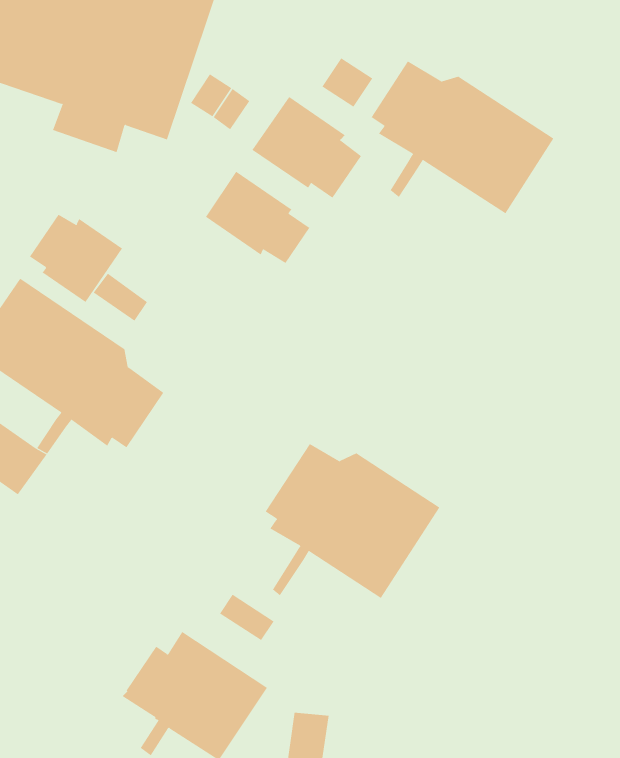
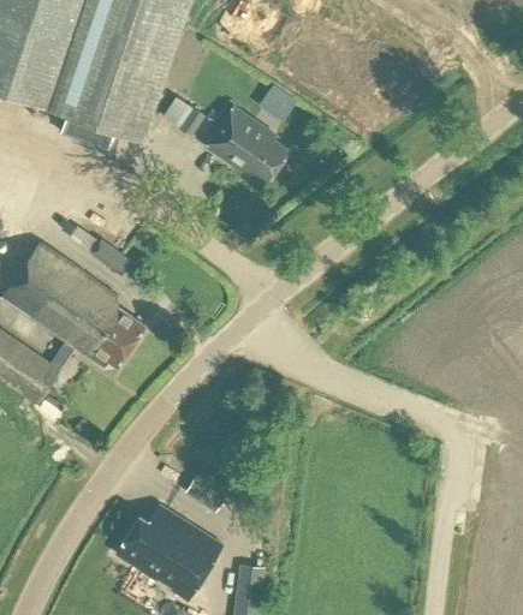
building: [371,60,554,214] -> none
building: [205,171,310,264] -> none
building: [29,214,123,303] -> none
building: [265,443,440,599] -> none

